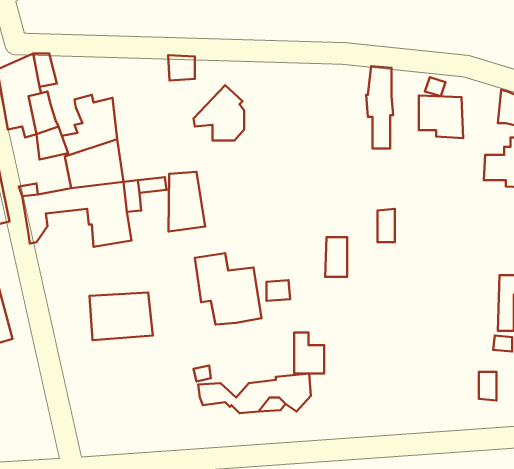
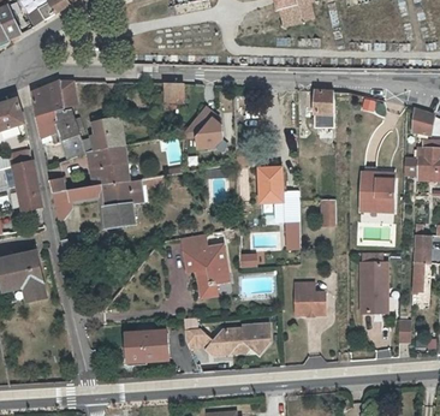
building: [419,95,463,138] -> [358,177,392,209]
building: none -> [258,166,284,201]
building: [169,172,205,231] -> none
building: [89,293,153,340] -> [126,331,174,367]
building: none -> [359,265,386,314]
building: [294,332,324,374] -> [301,283,323,314]

